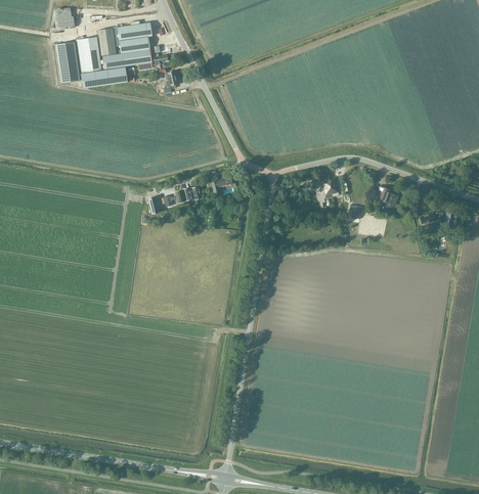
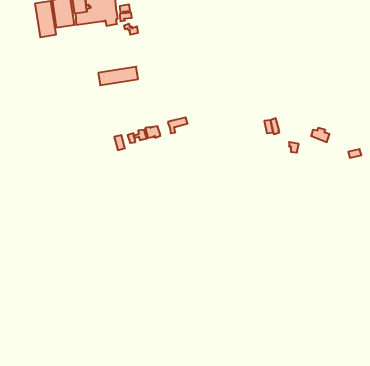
building: [82,66,128,88] -> [98,67,138,85]

